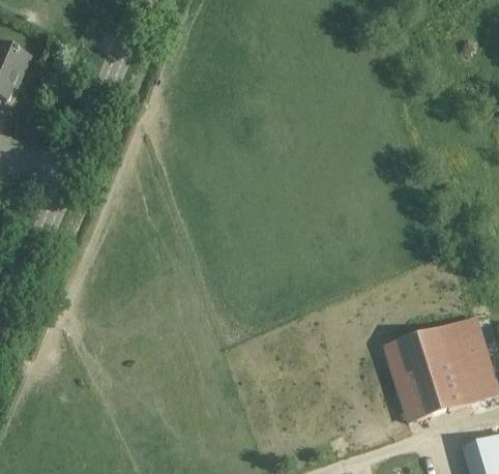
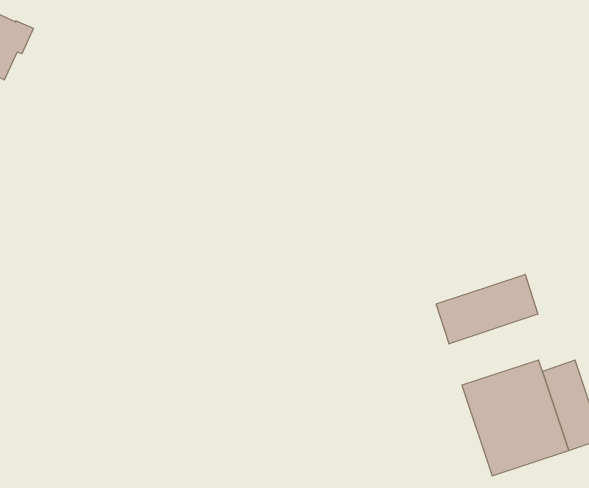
building: none -> [436,274,538,344]

